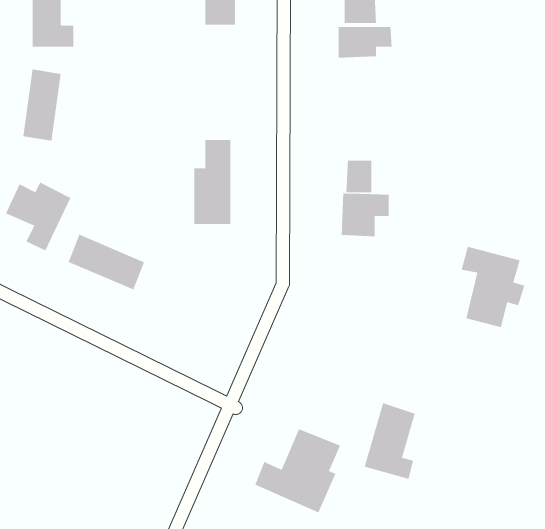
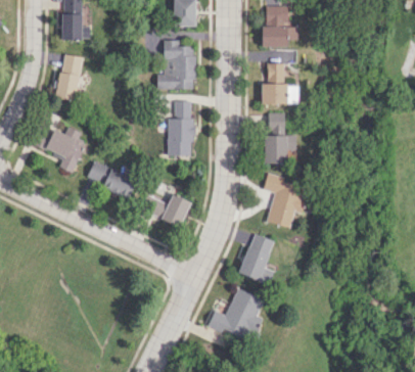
building: none -> [156,40,195,89]
building: none -> [261,63,285,104]
building: [461,246,525,328] -> [263,175,305,228]
building: none -> [141,194,190,227]
building: [364,402,416,479] -> [239,233,273,283]

